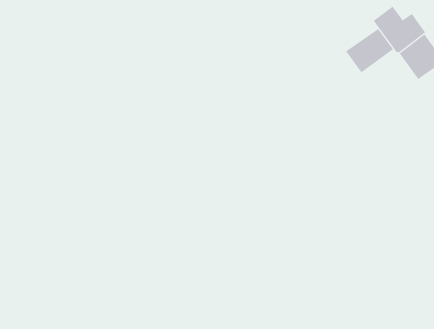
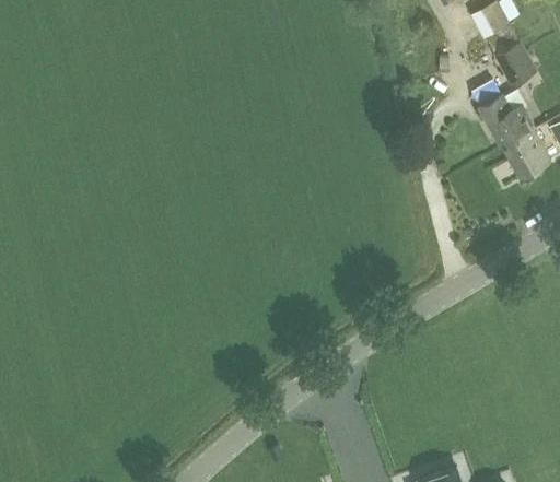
building: [343,28,394,73] -> none

